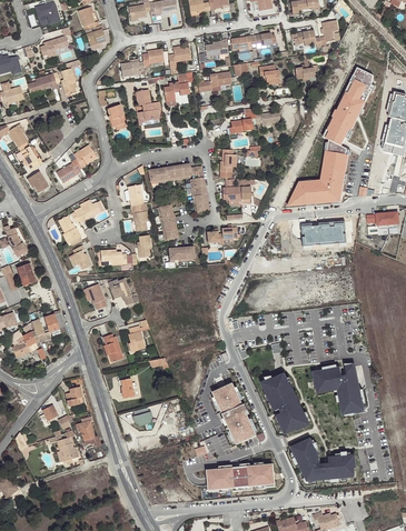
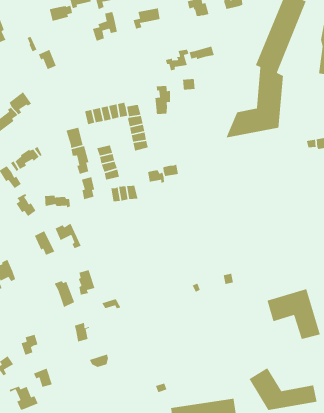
building: [133,87,161,121] -> none
building: [222,180,251,204] -> none
building: [300,223,346,246] -> none
building: [264,373,309,435] -> none
building: [214,383,259,444] -> none

